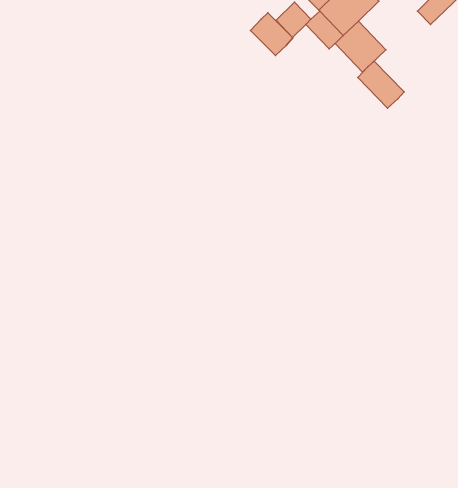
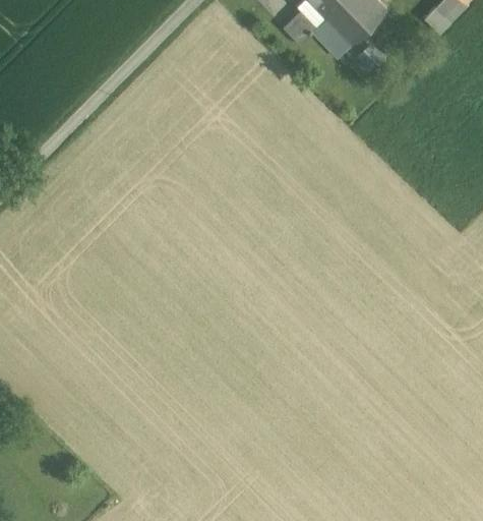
building: [251,13,293,56] -> none
building: [358,61,404,108] -> none

